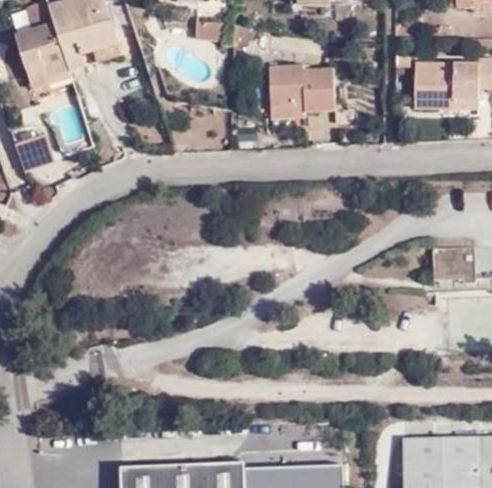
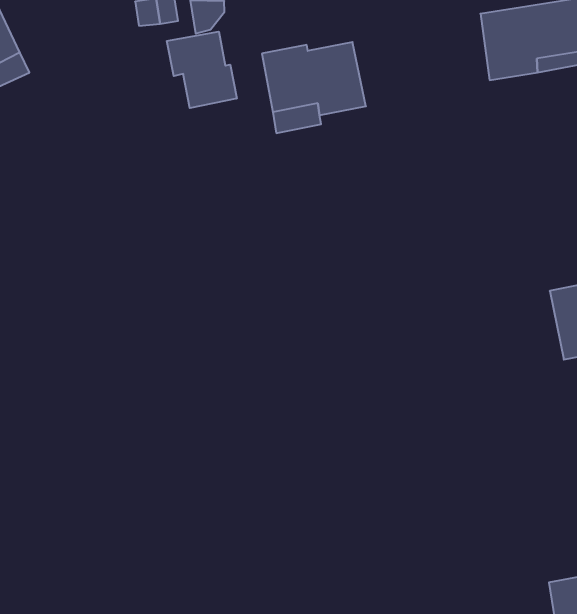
building: none -> [167,32,237,108]

